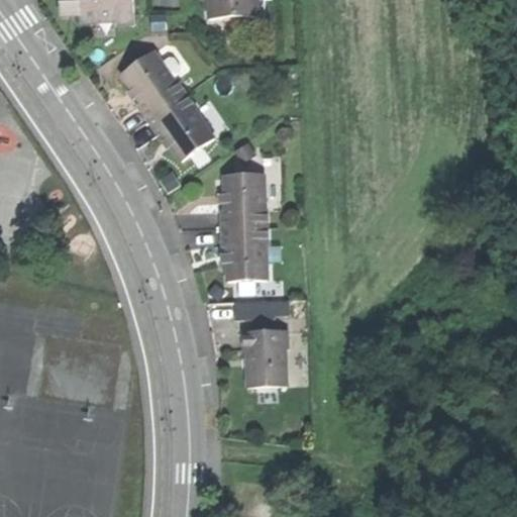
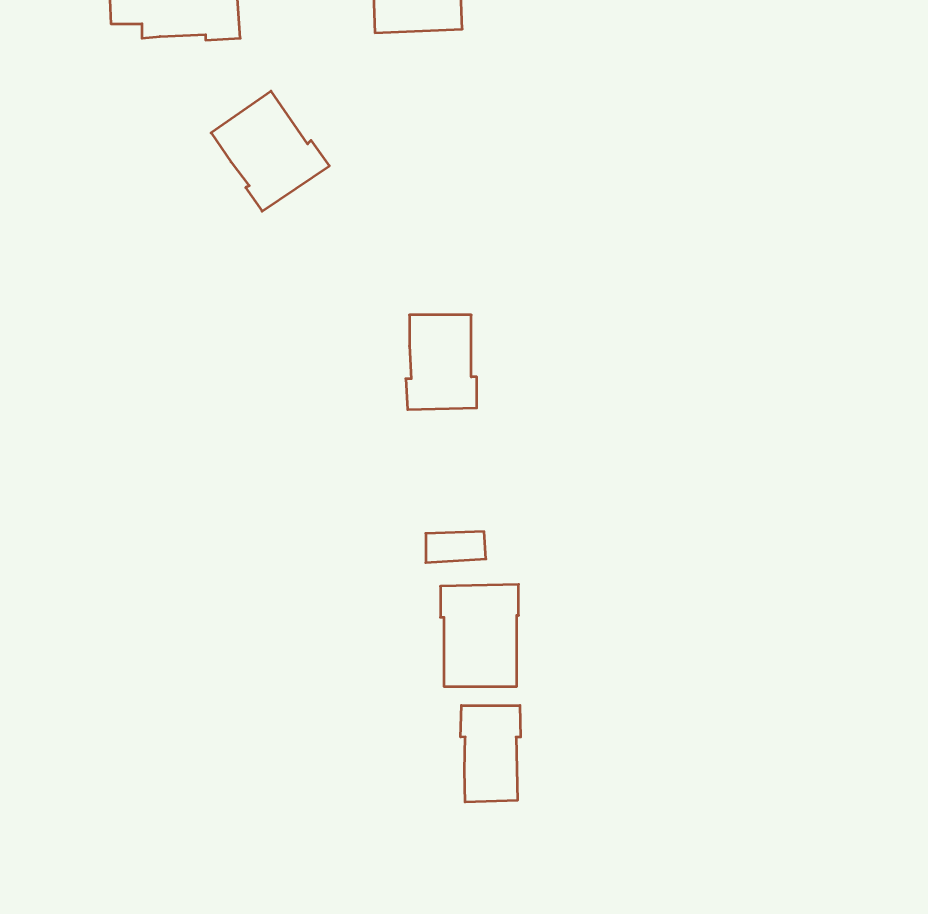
building: [145,92,212,161] -> none
building: [226,226,265,281] -> none
building: none -> [461,705,521,802]

